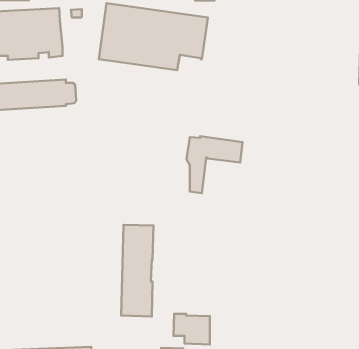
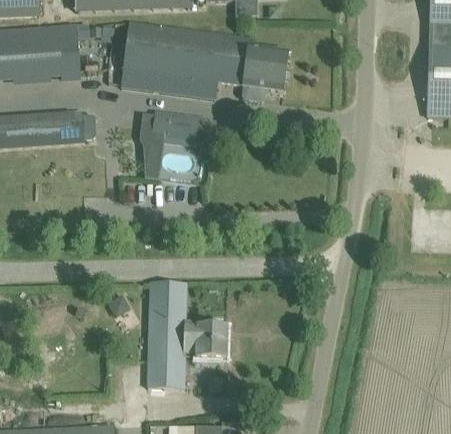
building: none -> [242,46,288,102]
building: [187,136,243,193] -> [139,111,205,178]
building: [173,314,210,344] -> [183,322,226,358]

